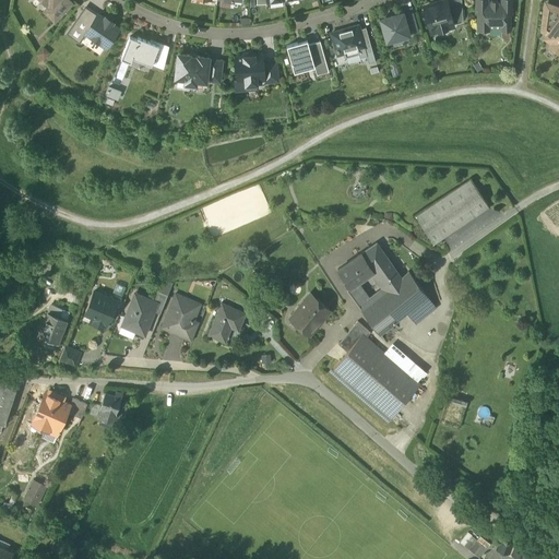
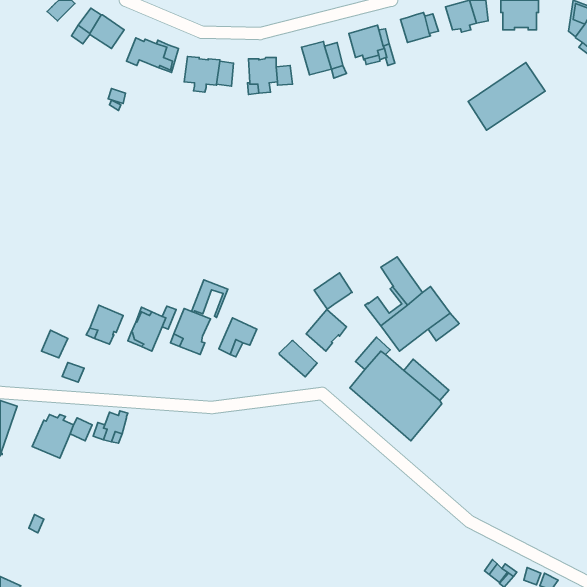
building: [416,180,489,245] -> [468,62,545,130]
building: [338,254,374,289] -> [314,273,352,310]
building: none -> [191,280,228,318]
building: none -> [279,341,317,377]

